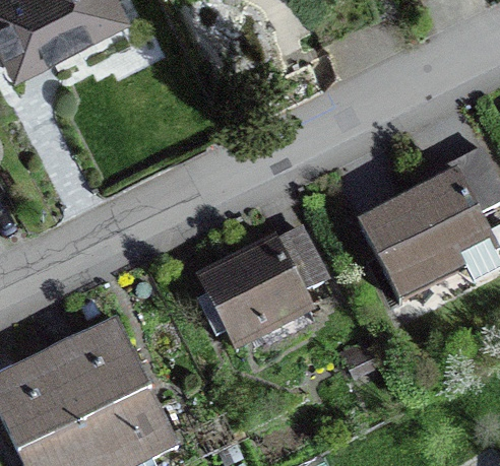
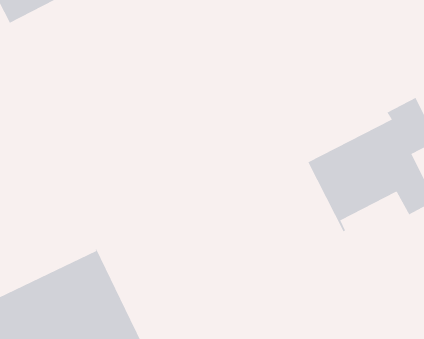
building: [197,227,324,347] -> none

